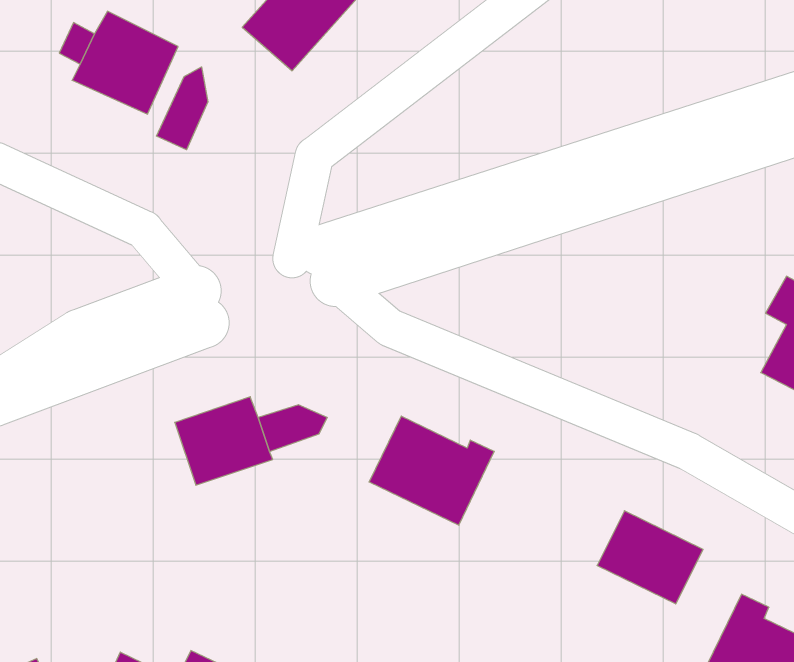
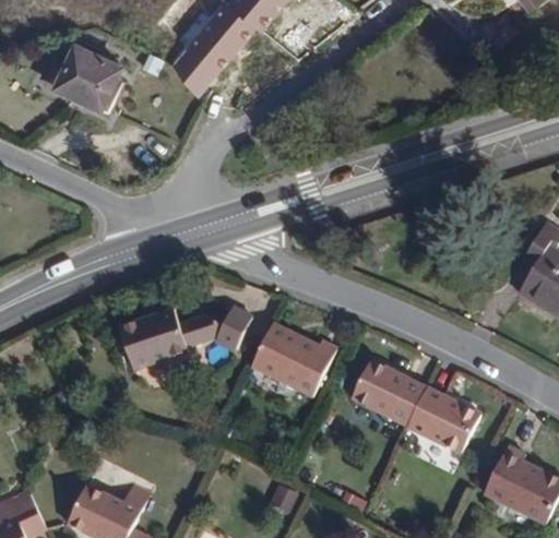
building: [156,67,208,150] -> none
building: none -> [217,304,254,350]
building: none -> [350,359,427,425]

